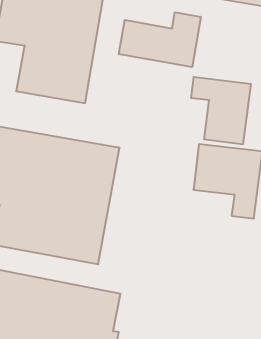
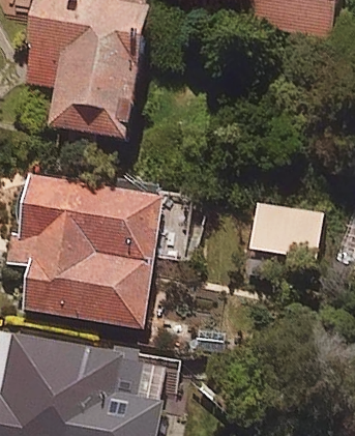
building: [119,12,201,67] -> none
building: [191,77,251,144] -> none

